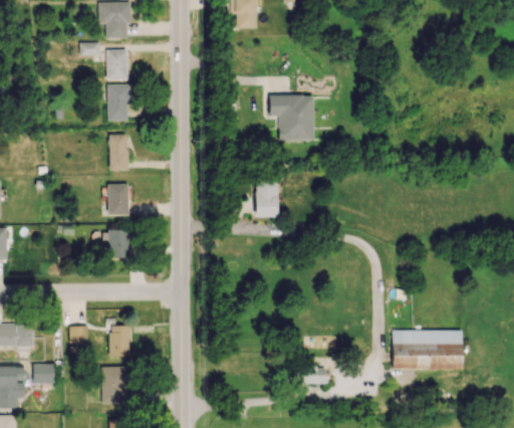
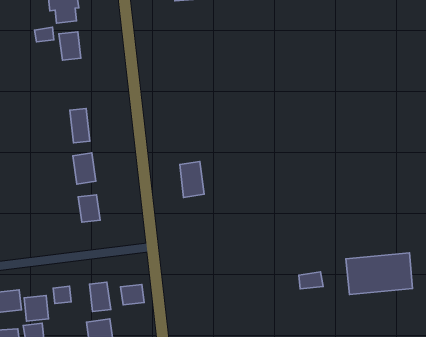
building: [107,84,130,121] -> none
building: [269,94,314,142] -> none
building: [255,180,278,217] -> [180,161,204,197]
building: none -> [121,284,144,305]
building: none -> [24,295,49,321]
building: [301,368,326,384] -> [299,272,323,289]

